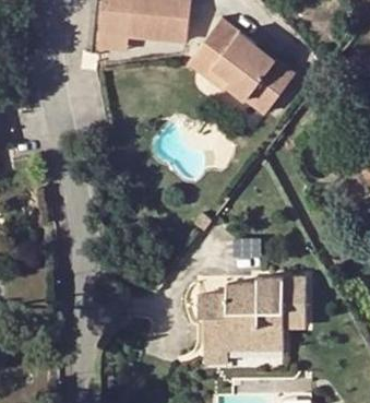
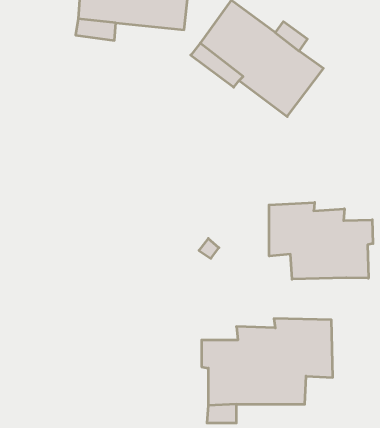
building: none -> [269,202,373,279]

